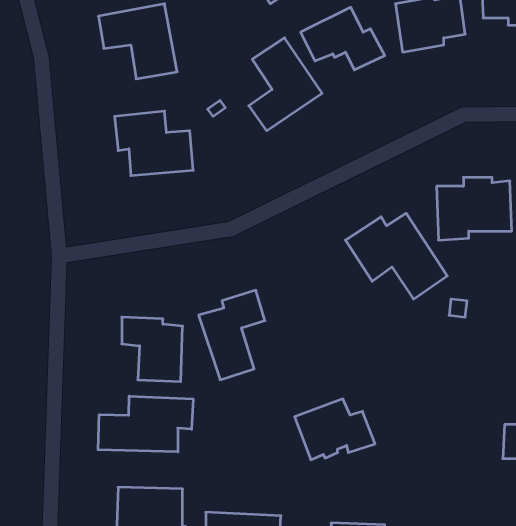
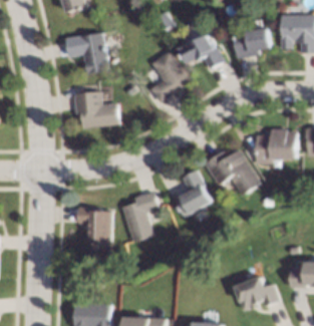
building: none -> [173,170,212,218]
building: [98,396,193,452] -> none
building: [295,399,375,460] -> [236,275,281,309]

